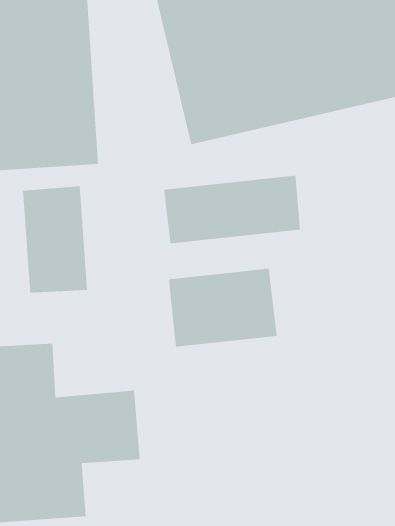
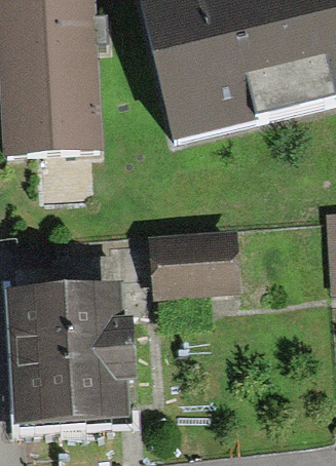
building: [164,175,301,244] -> none
building: [23,186,88,294] -> none

